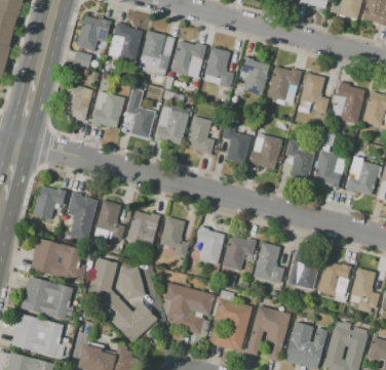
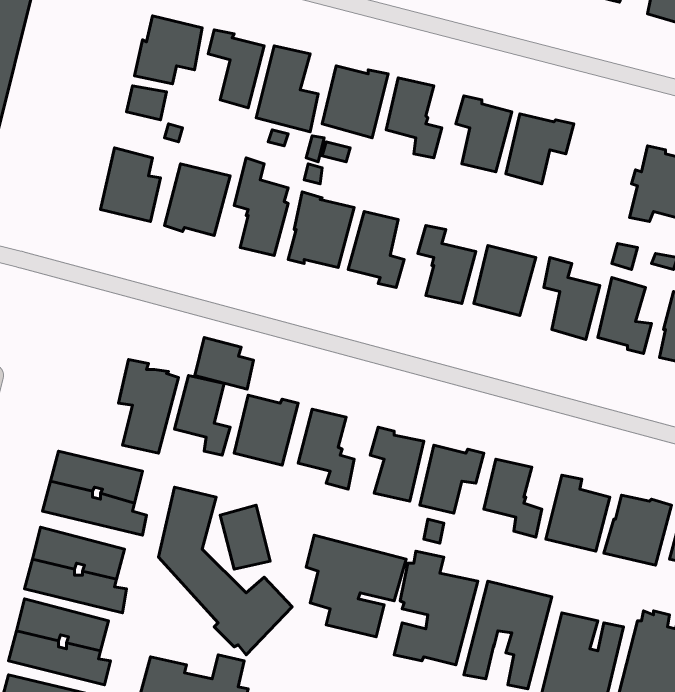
building: [301,73,330,113] -> none
building: none -> [195,338,253,389]
building: [33,186,67,219] -> none

